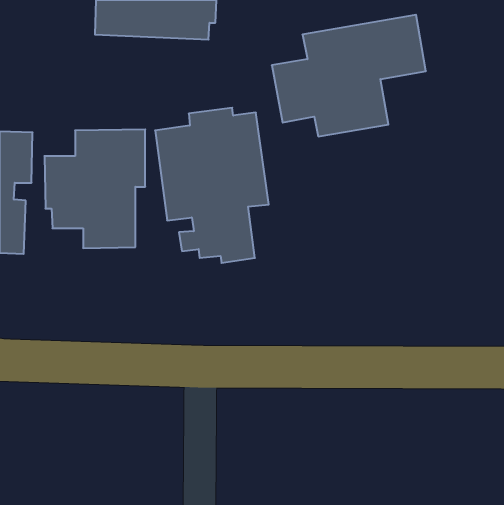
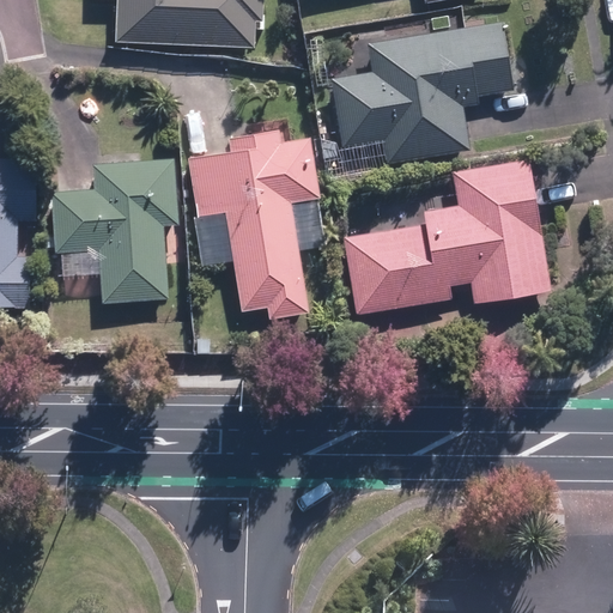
building: none -> [344,159,548,312]

